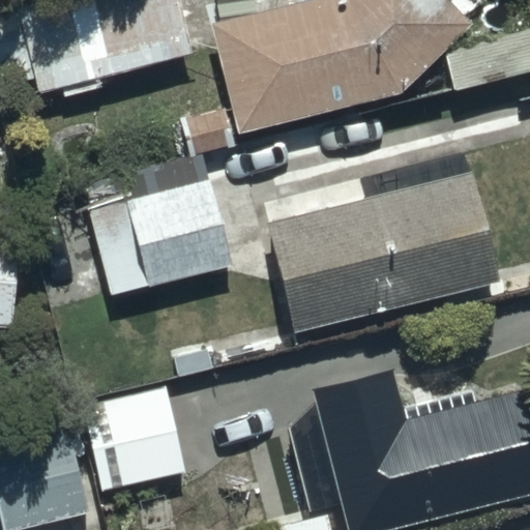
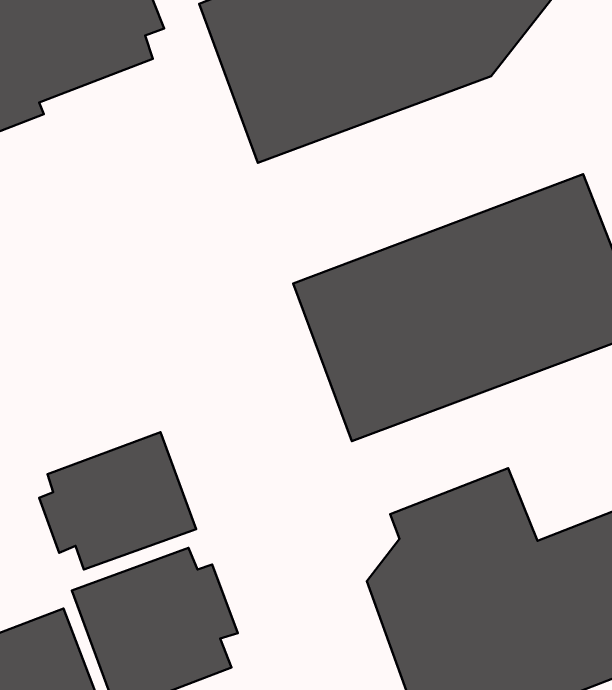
building: [82,166,235,294] -> none
building: none -> [39,432,196,570]

